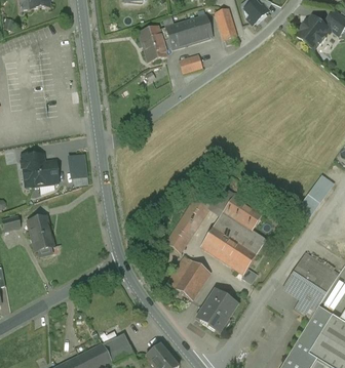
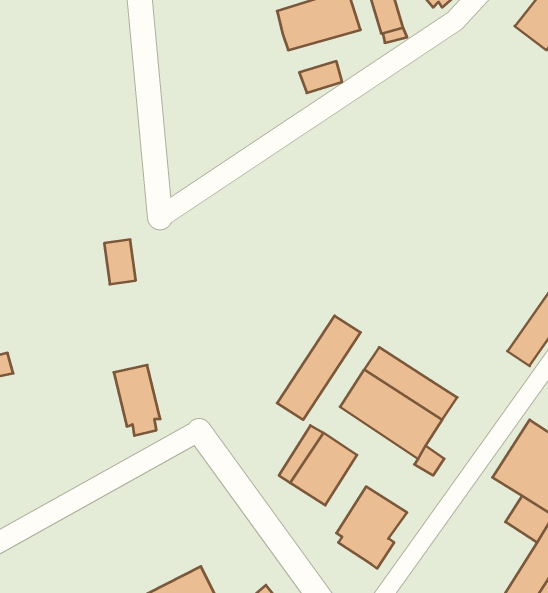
building: [139,26,168,62] -> none
building: [21,153,58,186] -> none
building: [222,195,262,231] -> none
building: [28,216,53,255] -> [114,365,160,436]

